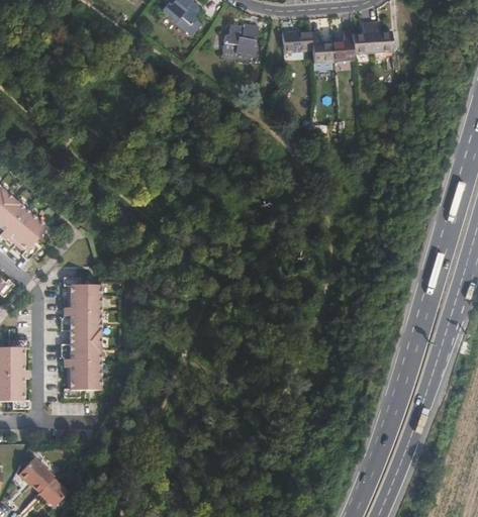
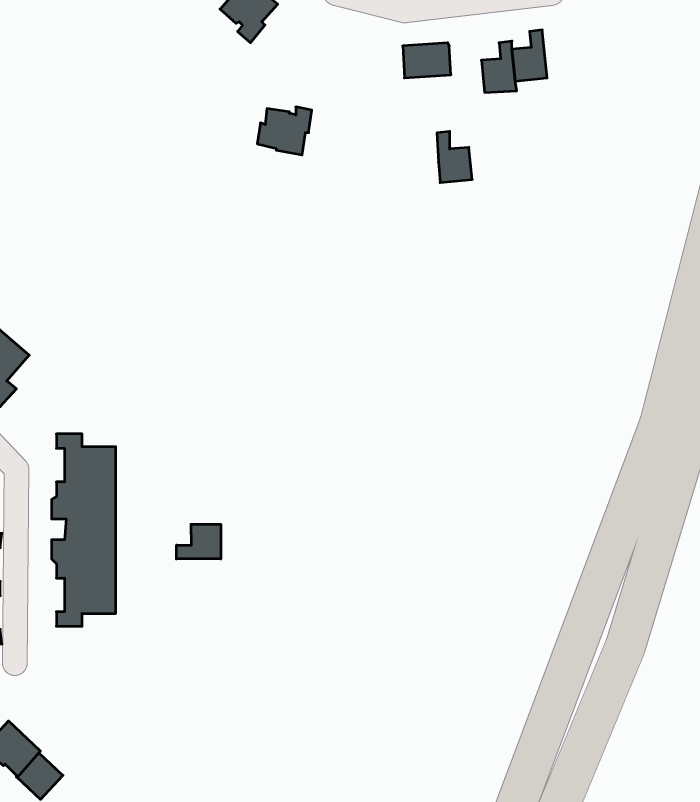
building: [370,21,393,53] -> none
building: [223,24,258,55] -> [257,107,312,155]
building: [311,31,333,64] -> [437,131,472,183]
building: none -> [176,524,221,559]

